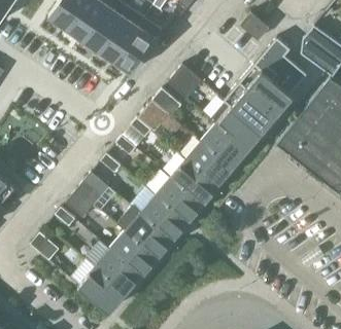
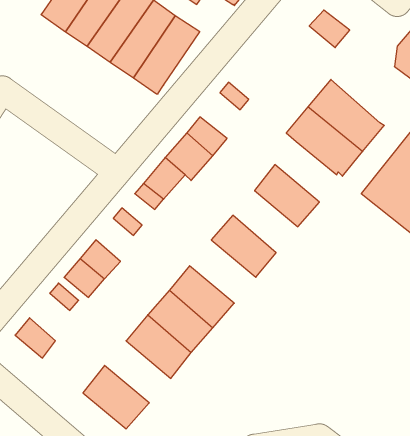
building: [255,38,307,94] -> none
building: [215,107,264,150] -> none
building: [185,142,232,186] -> none
building: [155,177,202,222] -> none
building: [94,249,141,293] -> none

